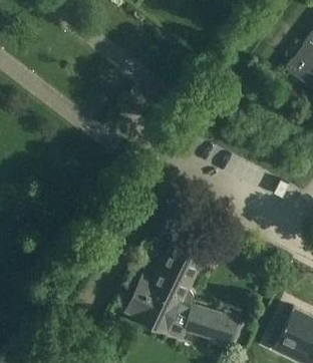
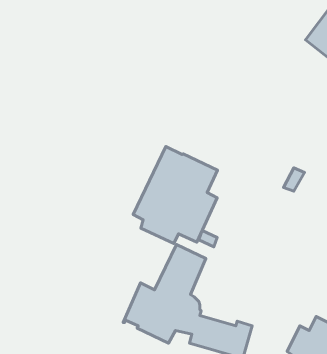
building: none -> [133,146,217,244]

